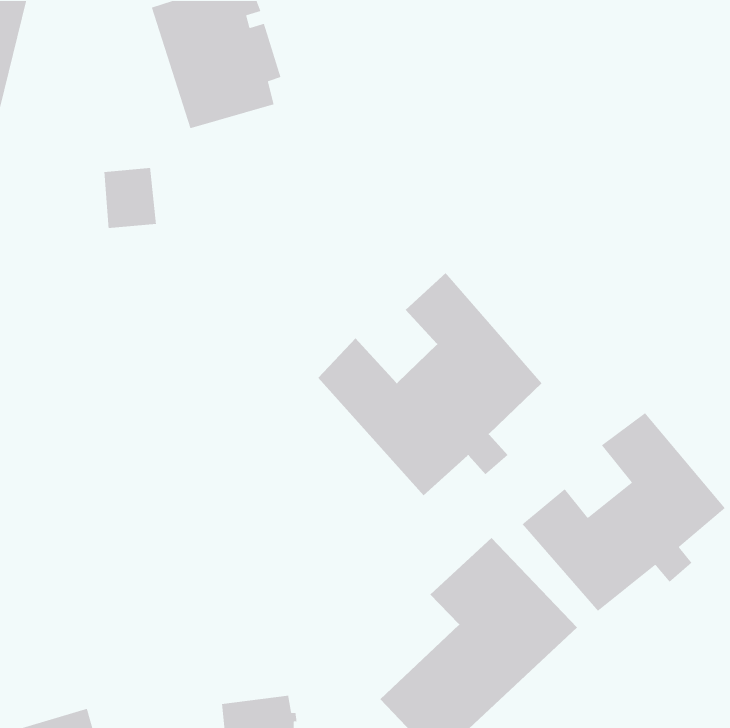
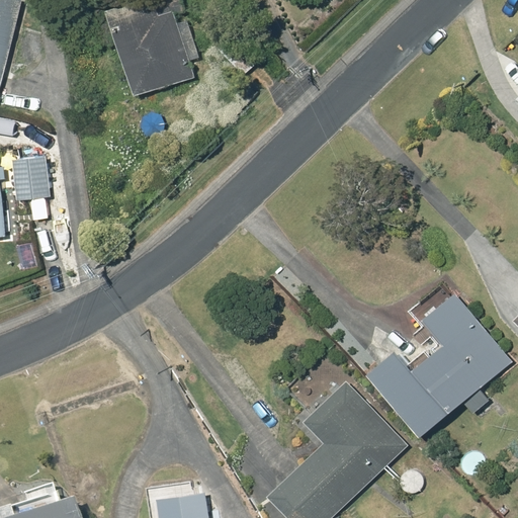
building: [104,167,157,229] -> [11,157,49,200]
building: [317,272,542,496] -> none

